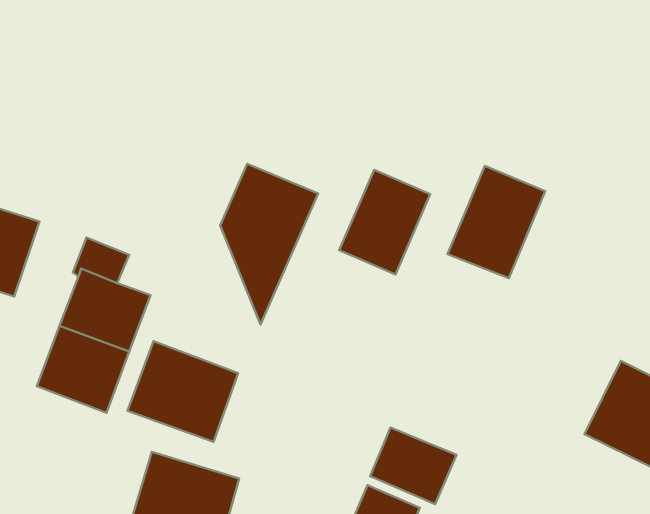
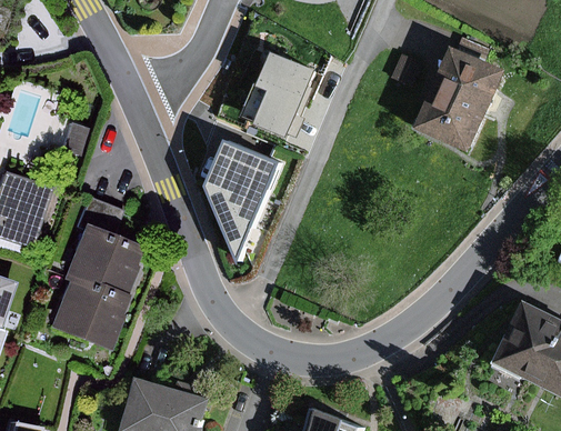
building: [447,166,545,278] -> [422,54,503,148]
building: [339,170,430,274] -> [228,54,303,141]
building: [128,341,238,442] -> none
building: [370,427,456,504] -> none

